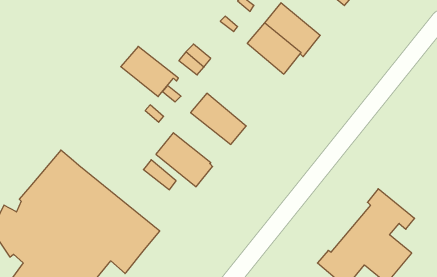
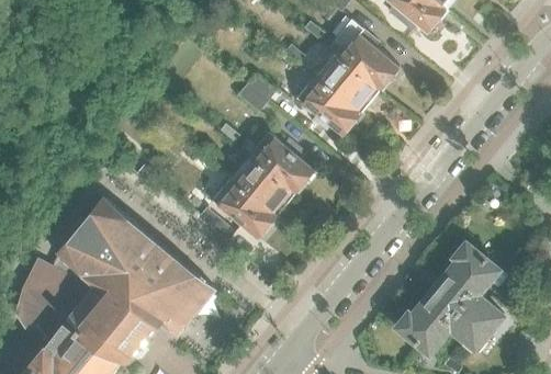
building: none -> [296,76,363,136]
building: [121,46,178,97] -> [230,155,296,212]

